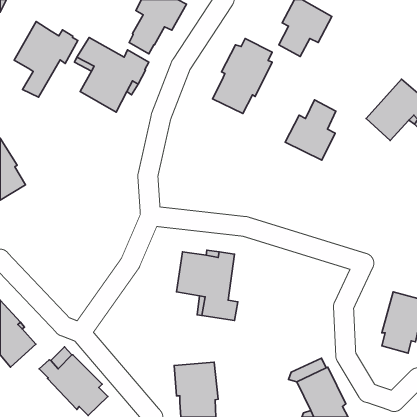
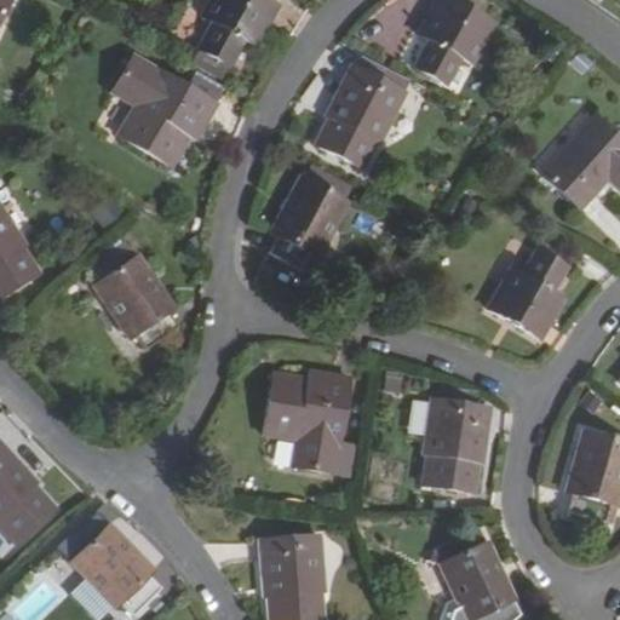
building: [14,22,78,97] -> none
building: [285,100,336,160] -> [488,246,563,335]
building: none -> [268,167,349,270]
building: none -> [86,241,180,349]
building: none -> [421,389,490,494]

